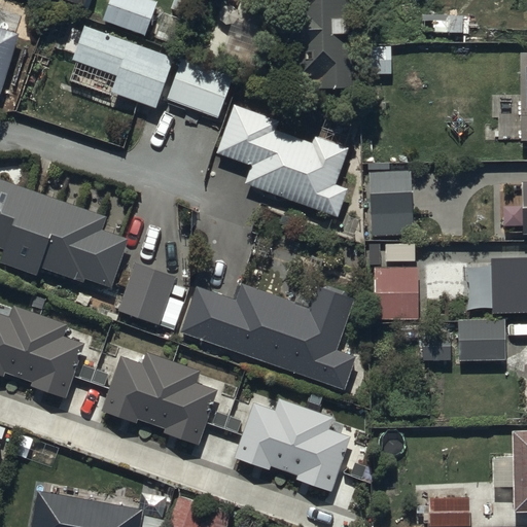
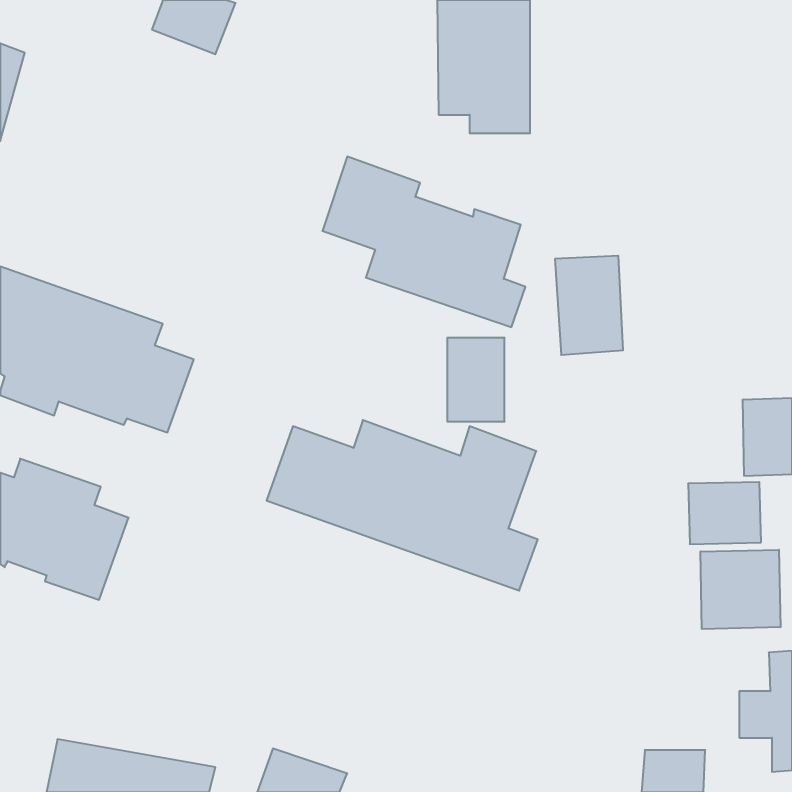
building: [64,26,171,108] -> none
building: [166,58,232,118] -> none
building: [118,262,176,325] -> none
building: [379,268,417,323] -> [447,338,505,422]
building: [102,352,219,445] -> none
building: none -> [701,550,780,629]
building: [235,398,352,492] -> none

